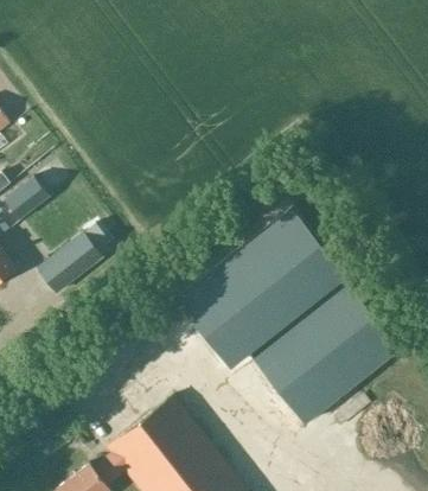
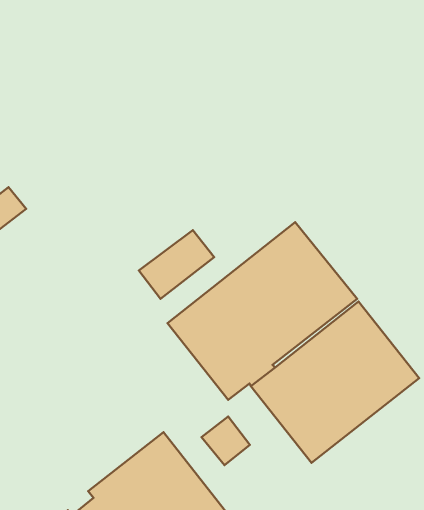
building: [38,235,104,295] -> [139,230,214,299]
building: none -> [202,416,250,465]

